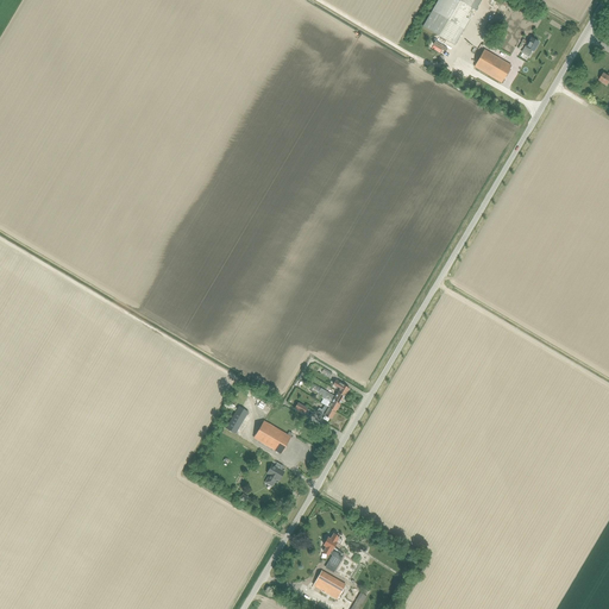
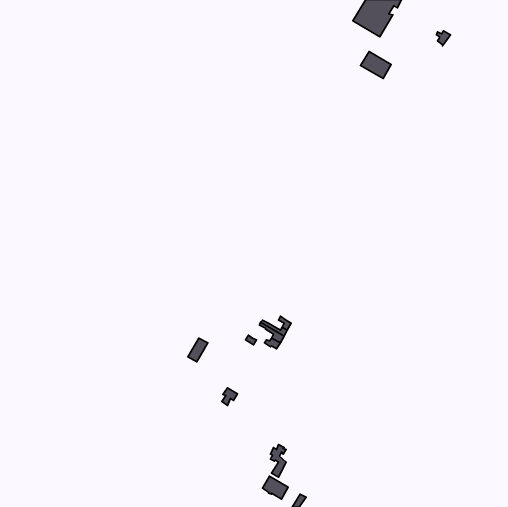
building: [473,49,510,81] -> [360,52,391,78]
building: [253,420,293,452] -> none

